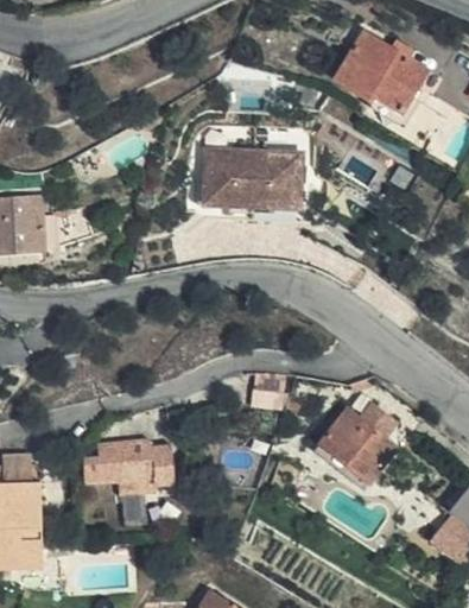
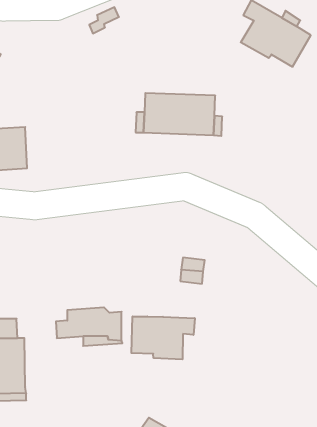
building: [318,407,398,483] -> none
building: none -> [131,316,195,359]

